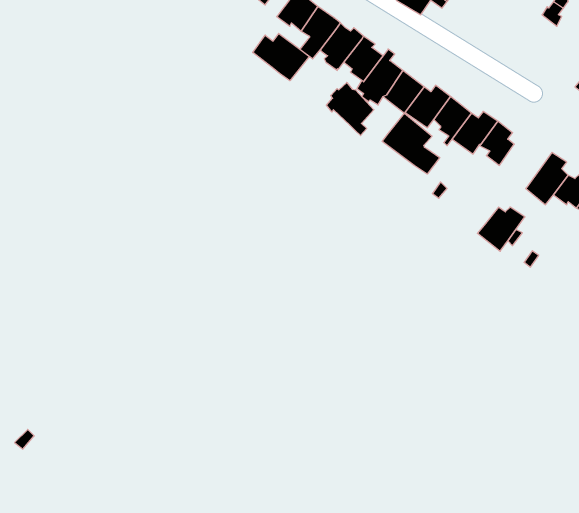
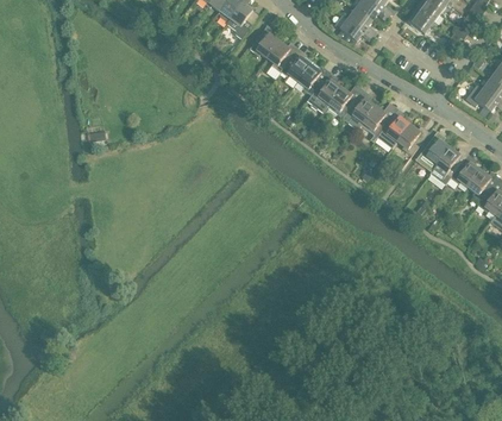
building: [253,33,310,81] -> none
building: [326,82,374,136] -> none
building: [382,113,440,174] -> none
building: [477,207,525,251] -> [415,138,450,170]

